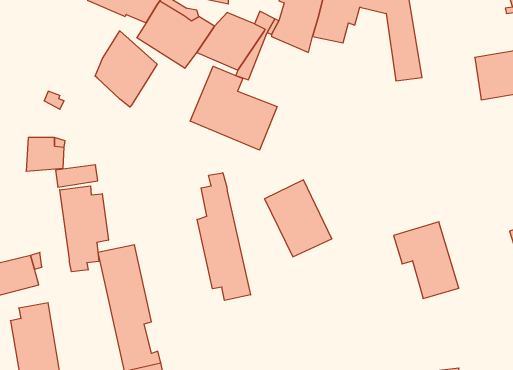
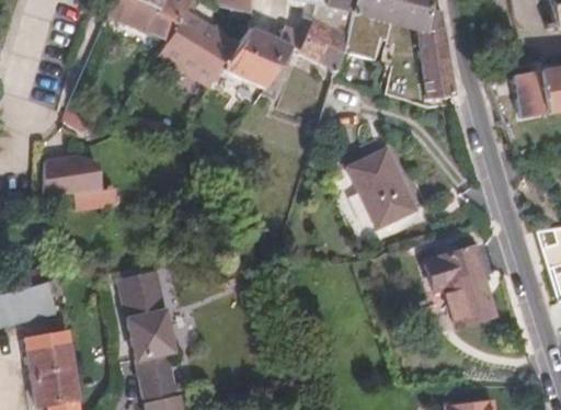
building: [95,31,157,107] -> none
building: [190,66,277,150] -> none
building: [197,173,251,300] -> none
building: [265,180,332,257] -> [347,147,417,227]
building: [60,186,108,272] -> none

